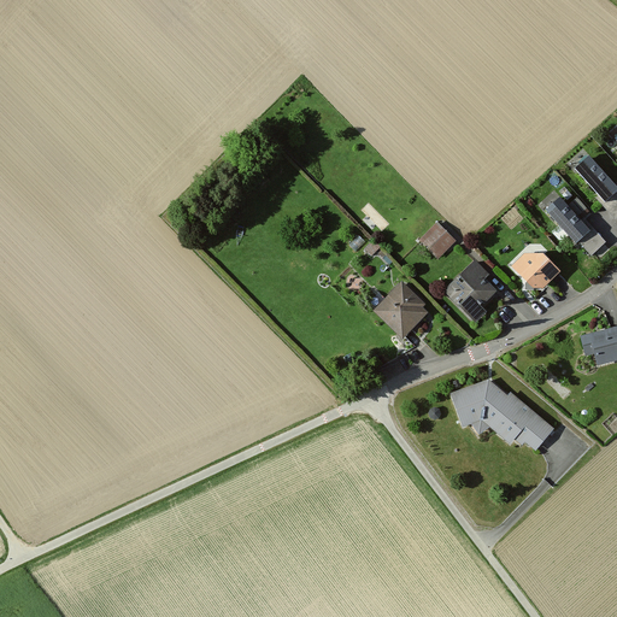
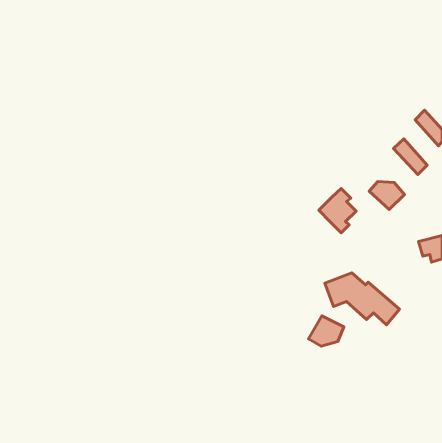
building: [417,221,454,257] -> none
building: [375,281,431,337] -> none
building: none -> [309,316,344,346]

